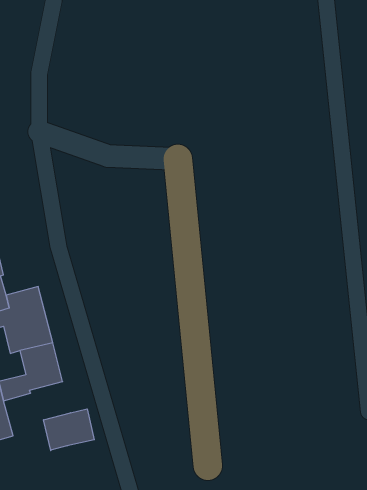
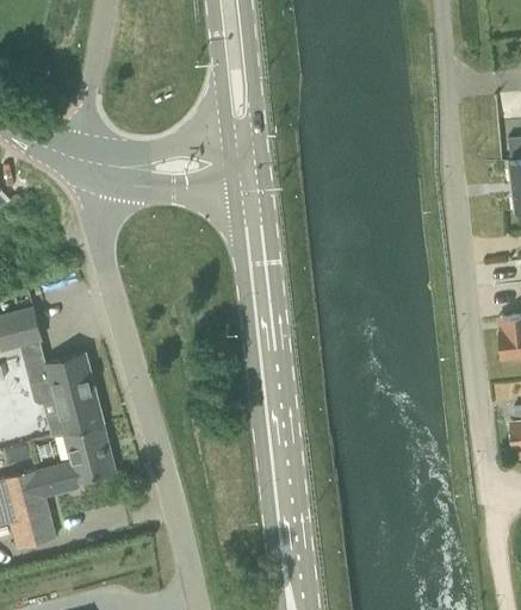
building: [44,409,94,451] -> none

